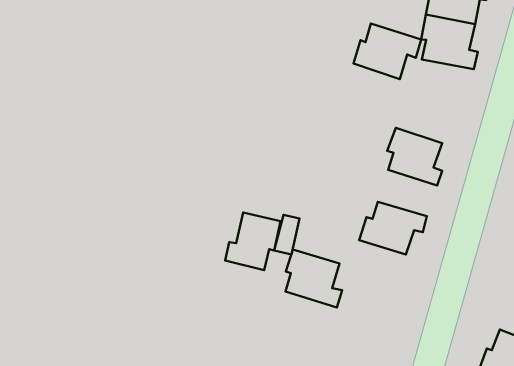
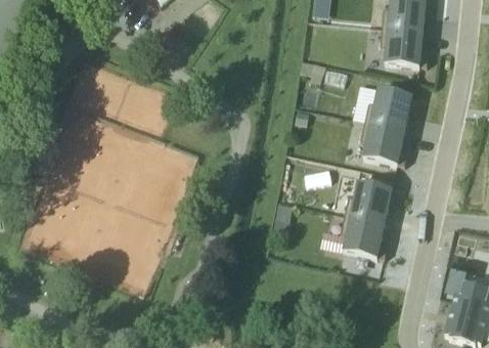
building: [354,24,421,79] -> [365,84,418,127]
building: [225,213,280,270] -> none
building: [285,249,342,307] -> [340,212,387,256]

